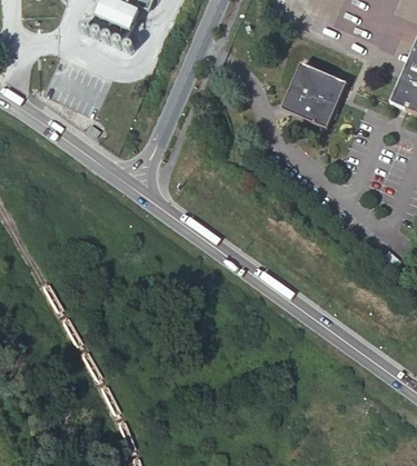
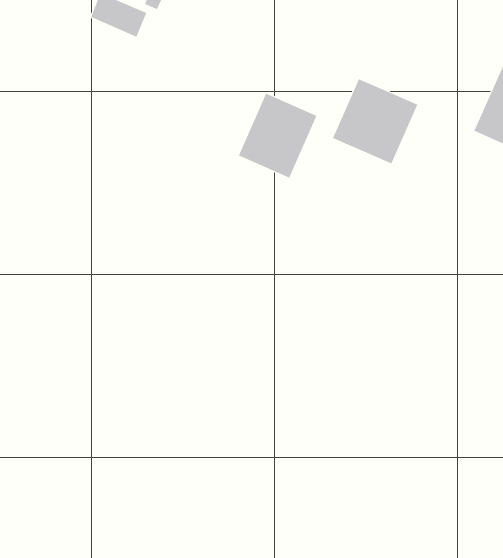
building: none -> [238,93,317,178]

